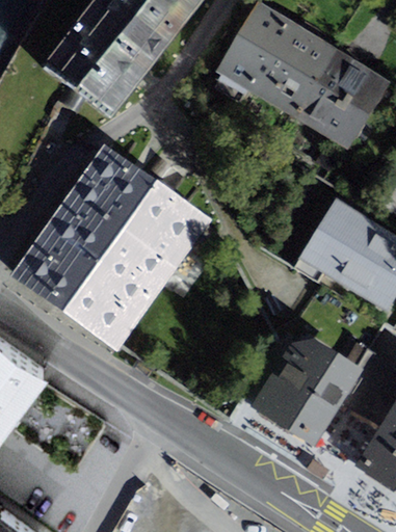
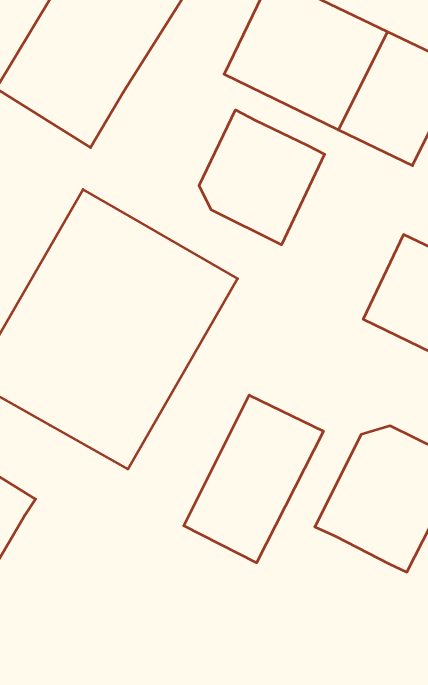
building: none -> [199,110,325,245]
building: none -> [184,395,323,563]

